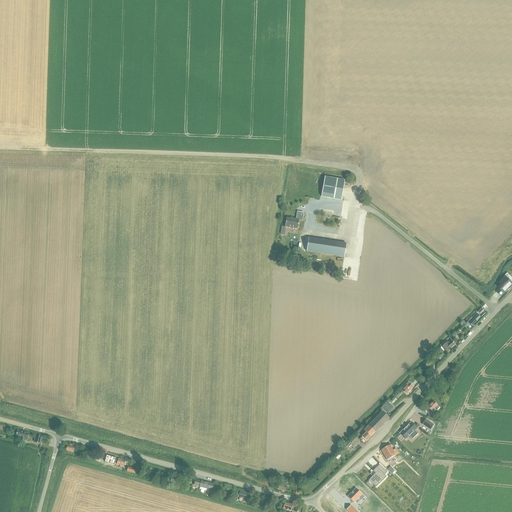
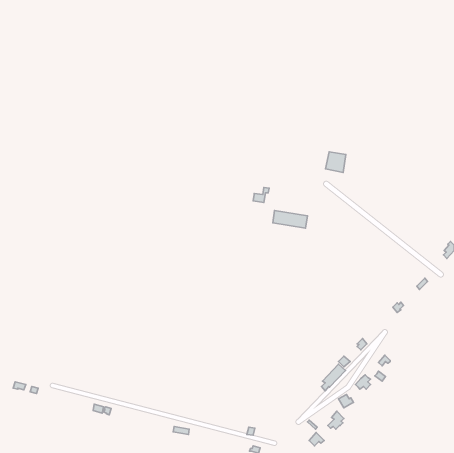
building: [321,177,344,200] -> [325,152,346,172]

